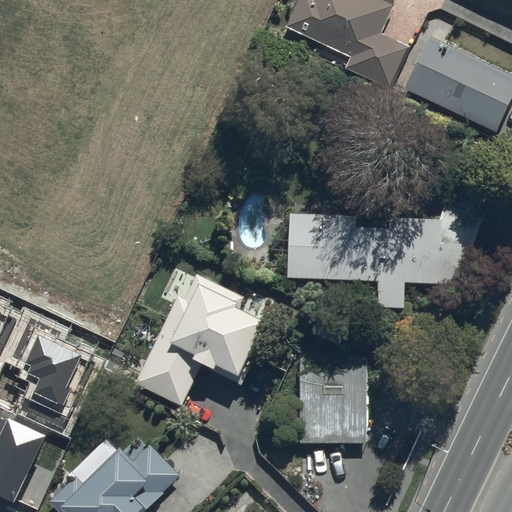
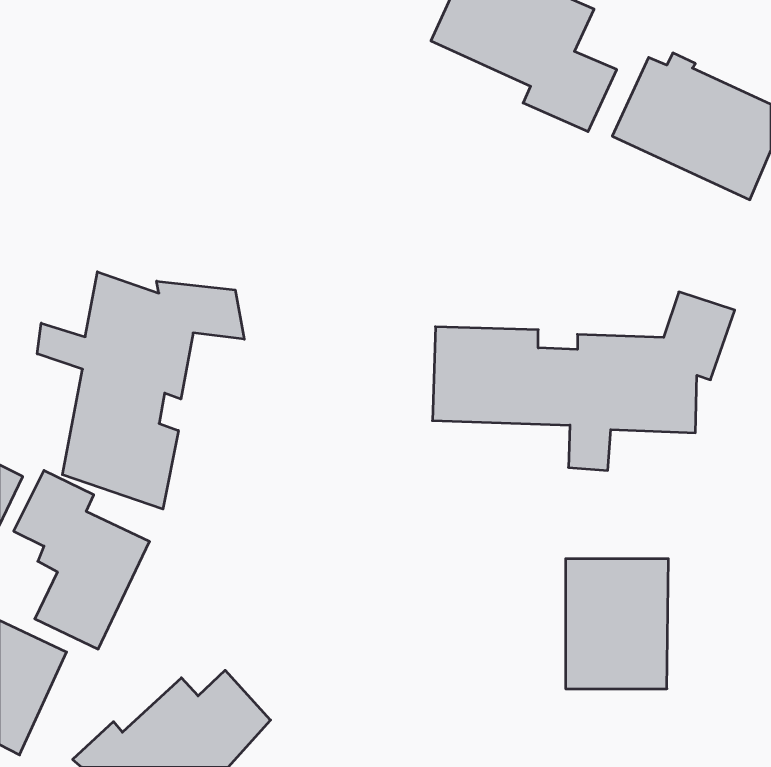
building: none -> [37,272,244,509]
building: [134,275,270,407] -> none
building: [299,358,367,444] -> [566,559,668,689]

